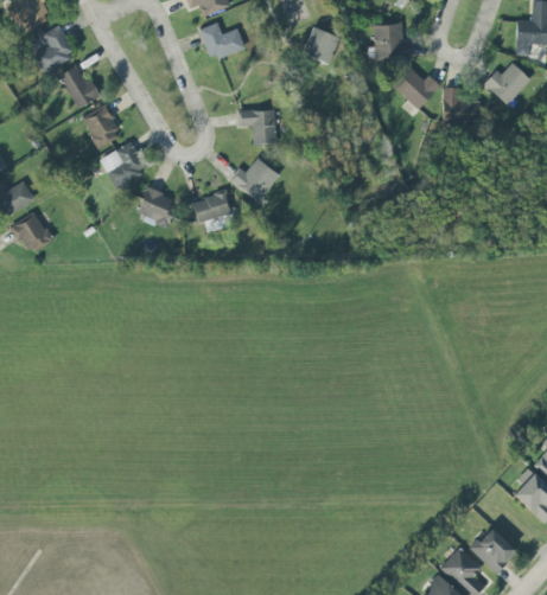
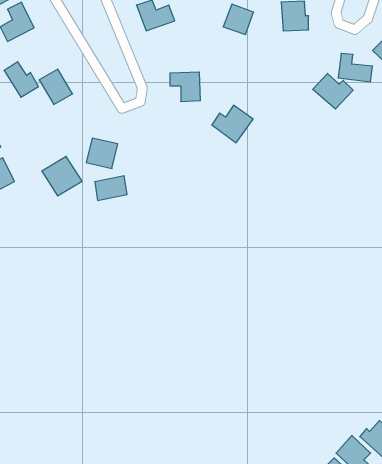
building: [58,65,100,108] -> [4,62,38,97]
building: [392,66,440,109] -> [313,73,353,109]
building: [98,142,147,190] -> [42,156,82,196]
building: [229,158,279,203] -> [212,105,253,143]
building: [192,192,231,222] -> [95,176,127,200]

